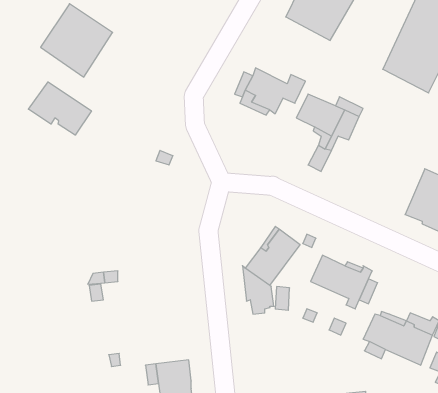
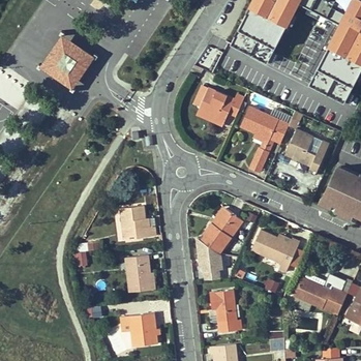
building: [28,82,91,135] -> none
building: none -> [284,125,328,171]
building: none -> [121,206,156,240]
building: none -> [126,255,152,293]
building: none -> [210,290,238,333]

